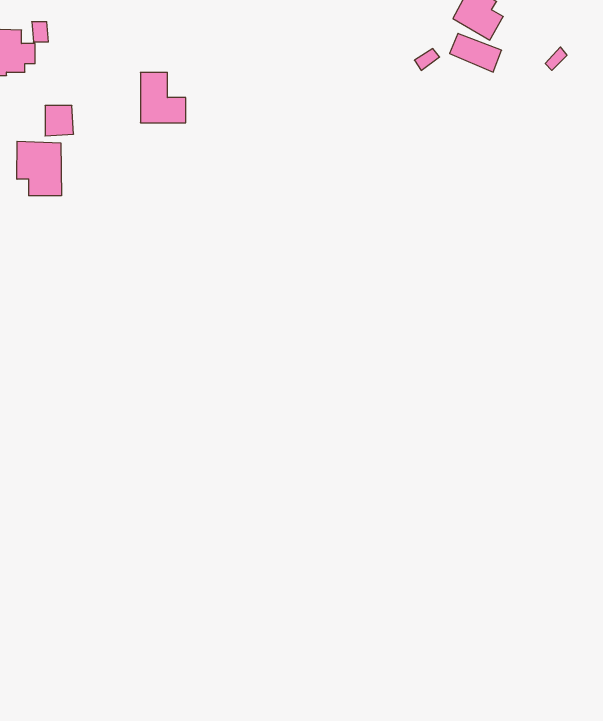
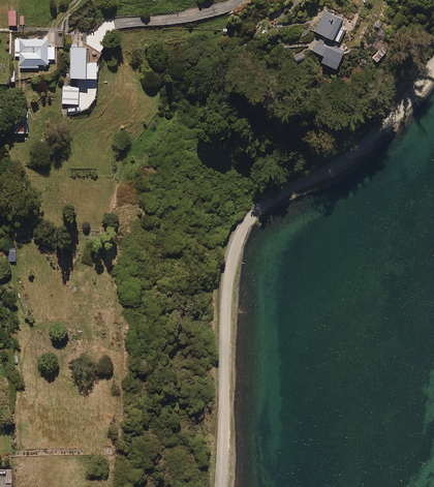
building: [140,72,186,123] -> [70,48,98,79]
building: [17,141,61,196] -> none

